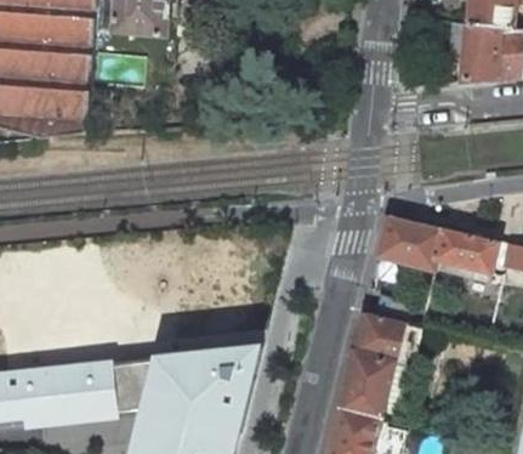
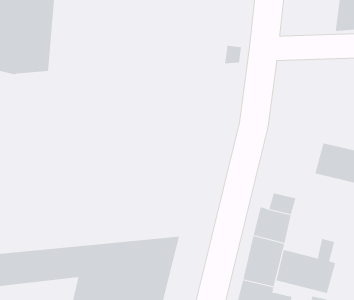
building: [377,215,445,271] -> none
building: none -> [276,238,336,294]

